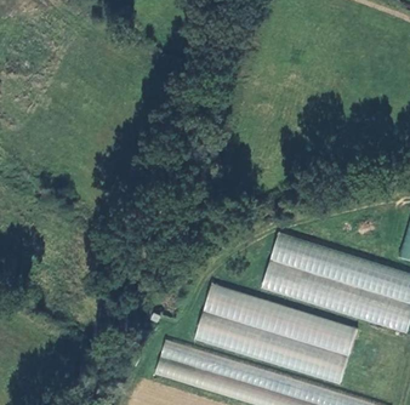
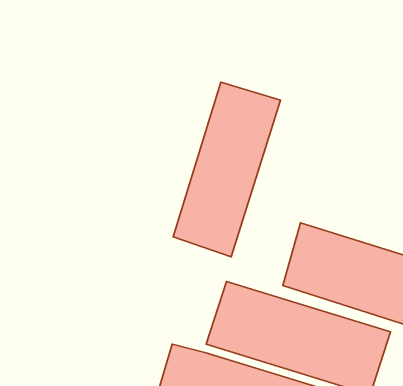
building: none -> [173,82,281,257]

